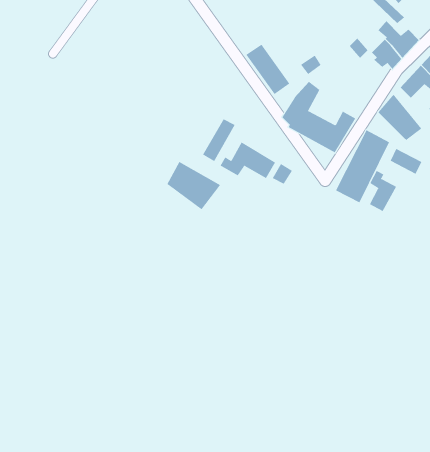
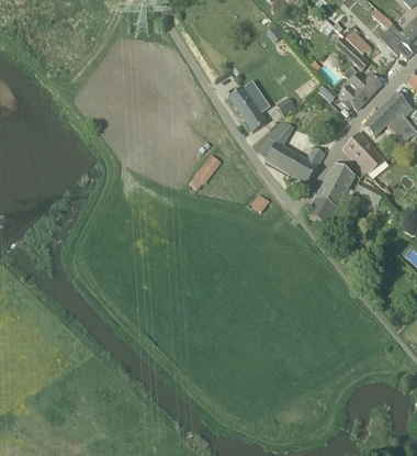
building: [220,141,276,179] -> none
building: [167,161,221,210] -> none
building: [369,170,397,212] -> none

